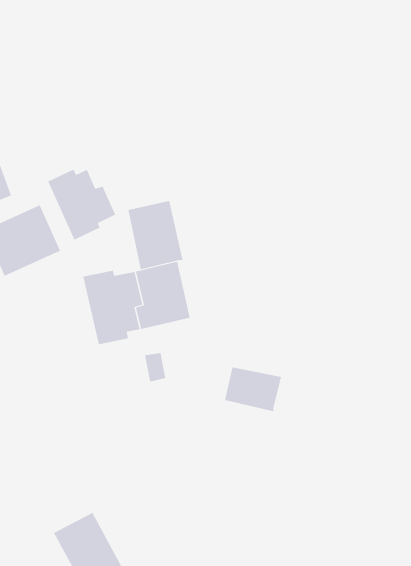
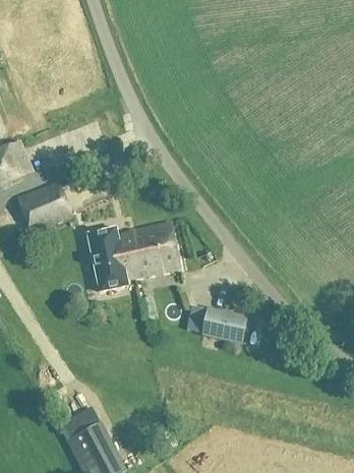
building: [47,169,116,240] -> none
building: [128,200,183,270] -> none

